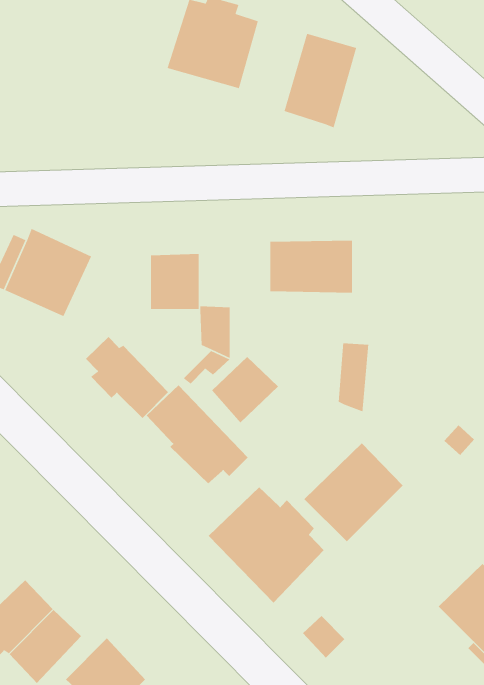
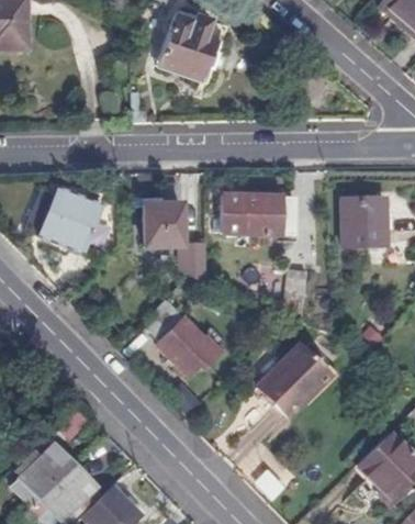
building: [283,33,357,129] -> none
building: none -> [343,202,385,248]
building: [85,336,169,419] -> none
building: [211,356,279,424] -> none
building: [208,486,324,603] -> none

